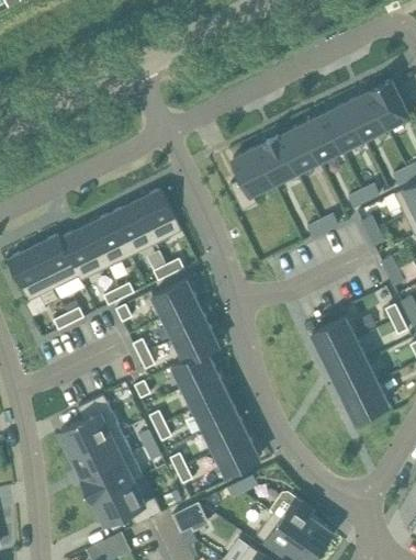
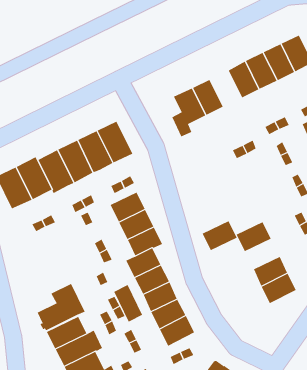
building: [278,126,318,172] -> none
building: [322,339,367,378] -> [202,220,237,251]
building: none -> [113,284,143,322]

